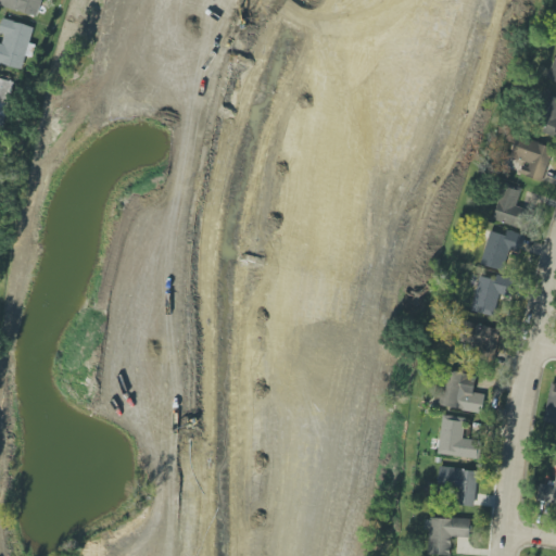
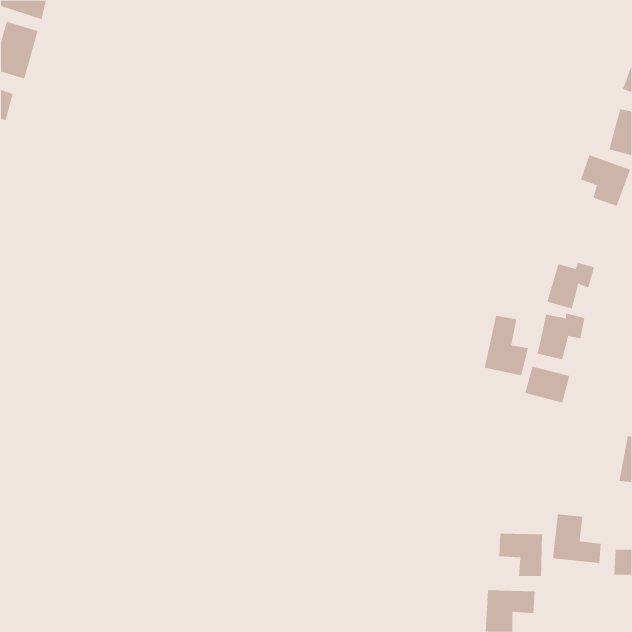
building: [492,186,530,229] -> none
building: none -> [484,315,529,376]
building: [440,371,483,412] -> none
building: [438,415,481,458] -> [552,514,602,563]

